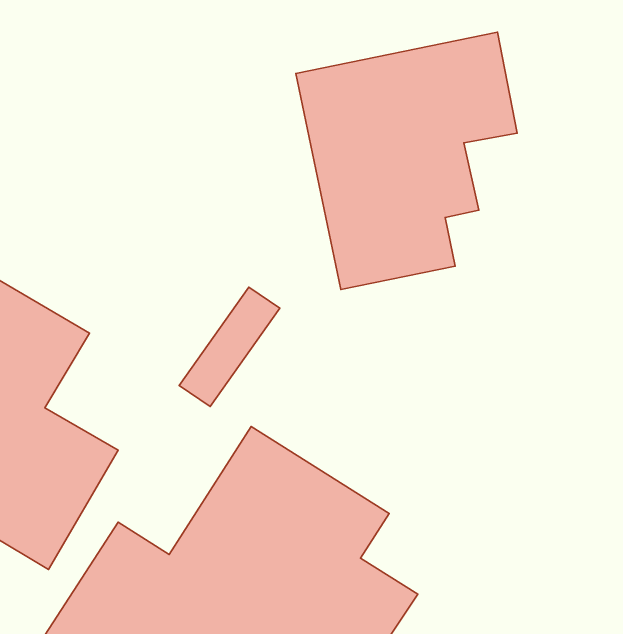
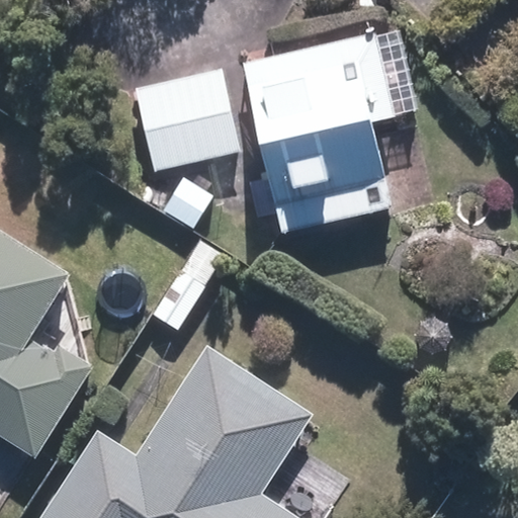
building: none -> [128,66,243,173]

